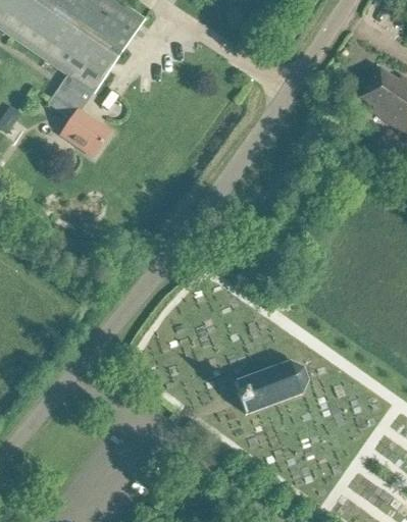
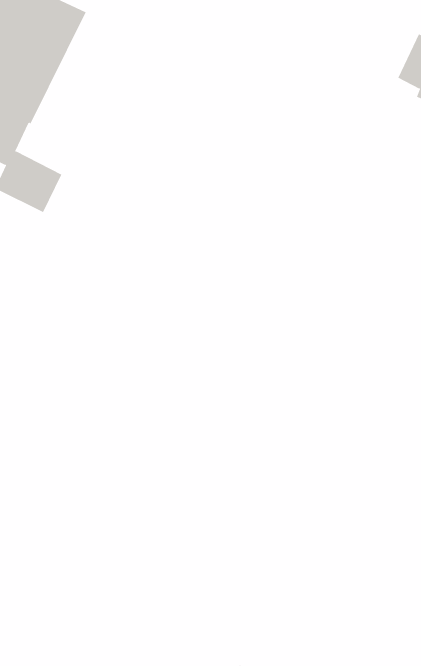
building: [235,361,308,413] -> none

